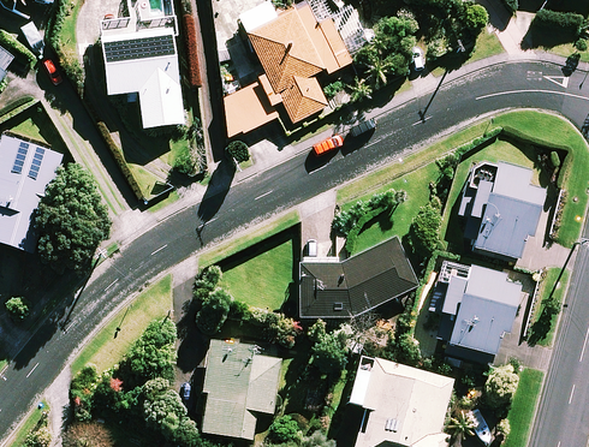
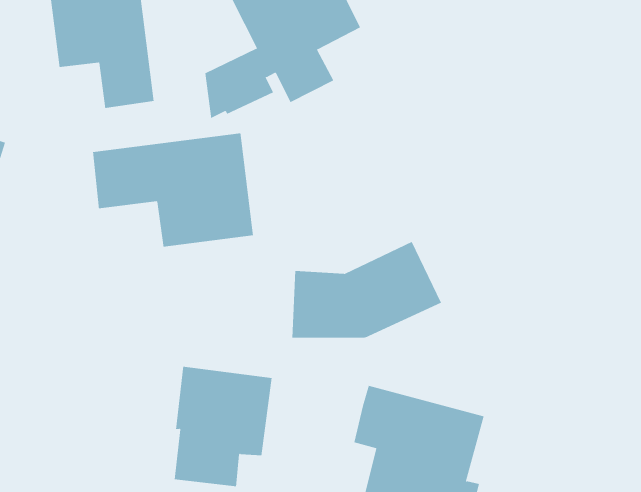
building: none -> [92,133,254,247]
building: [458,160,541,257] -> none
building: [430,258,519,352] -> none

